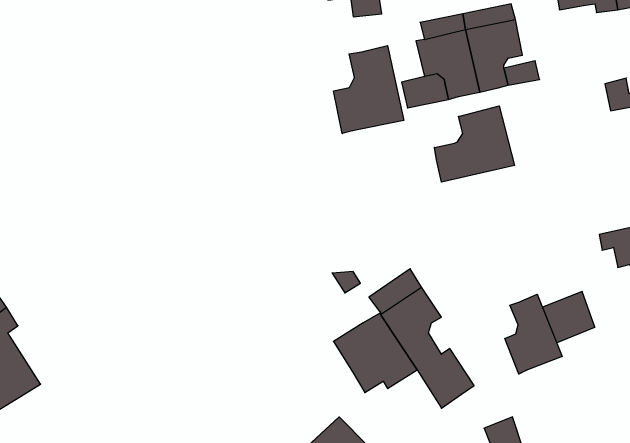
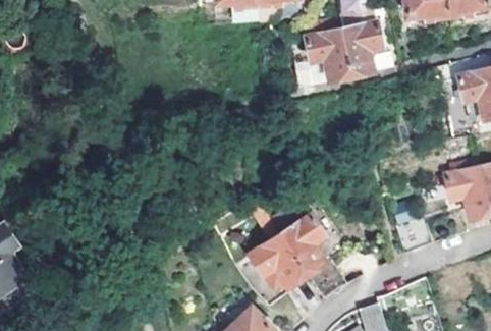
building: [334,46,404,134] -> none
building: [434,106,514,182] -> none
building: [505,294,562,374] -> none

